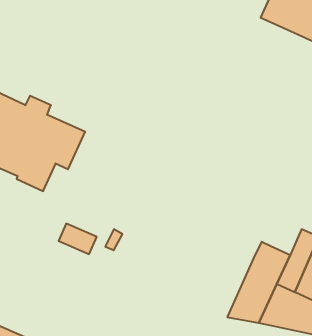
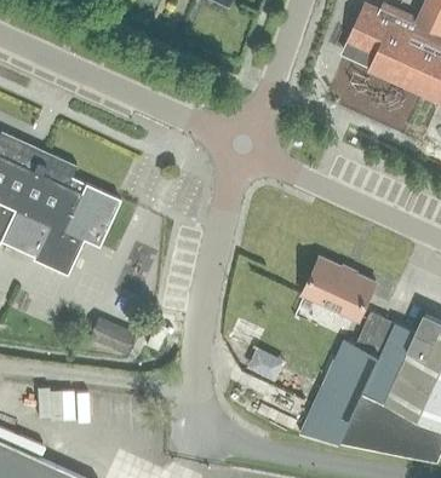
building: none -> [303,257,376,321]
building: none -> [356,312,395,356]

